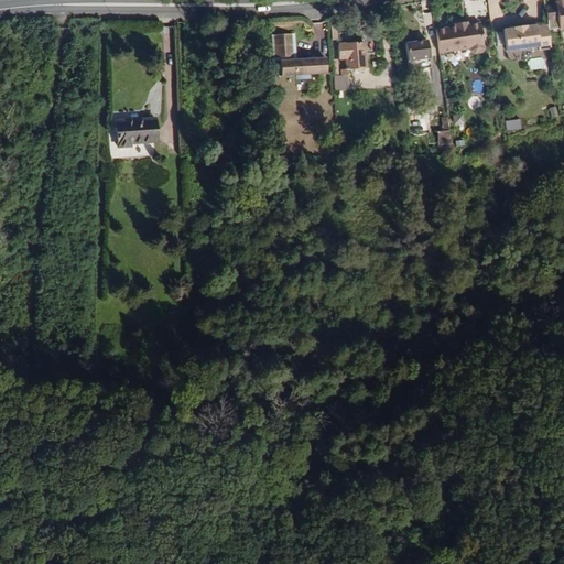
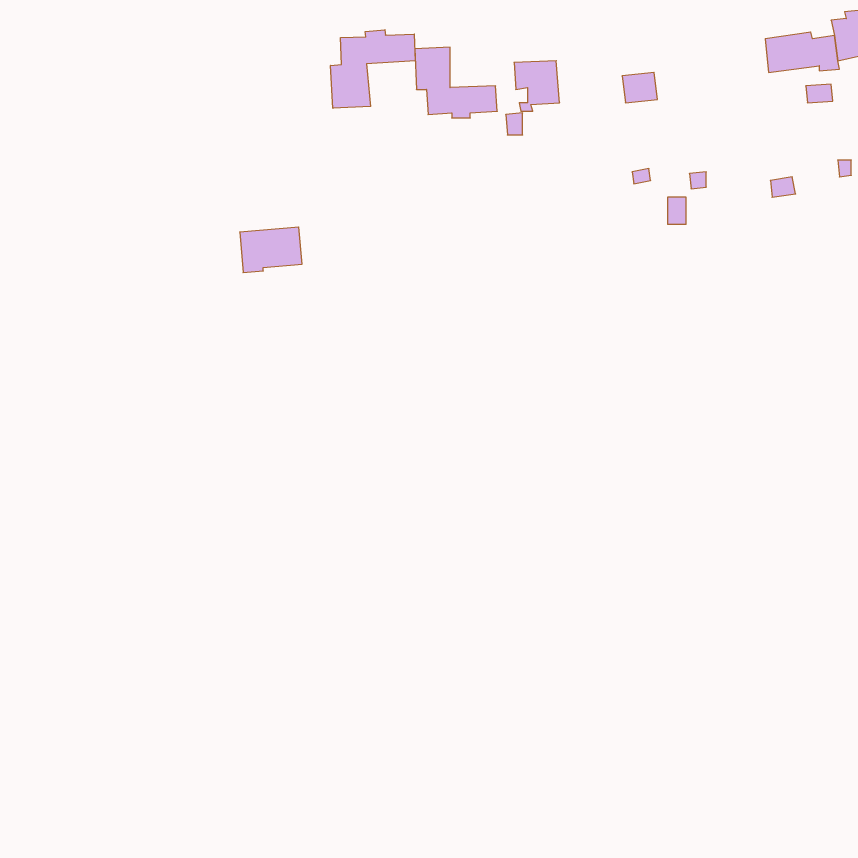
building: none -> [331,30,415,108]
building: [438,31,486,63] -> none
building: [117,116,158,145] -> [240,227,302,273]

